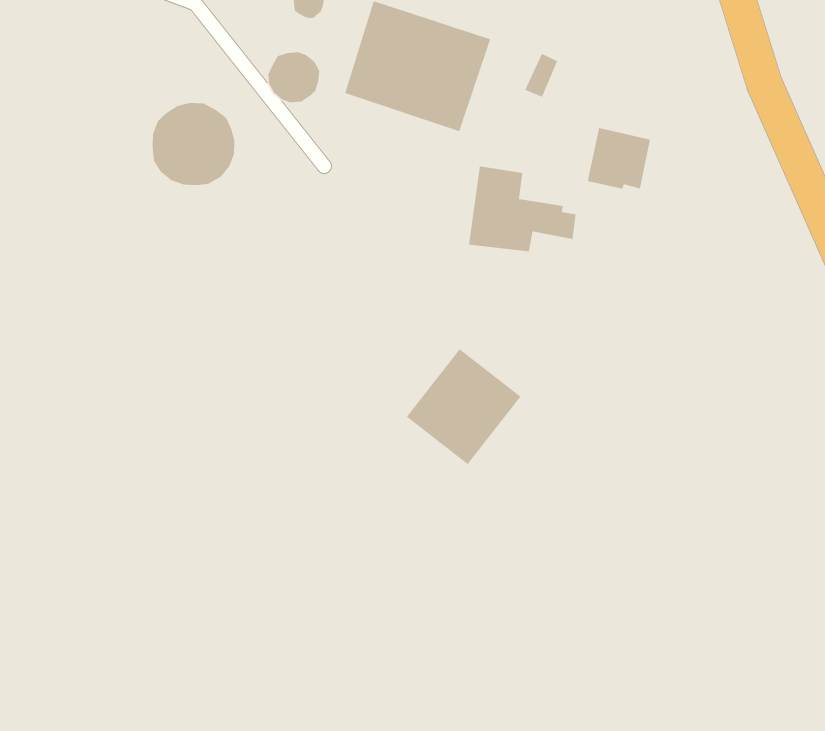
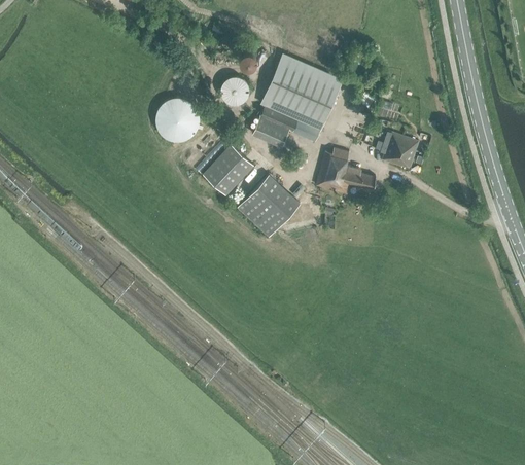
building: none -> [255,105,320,146]
building: none -> [202,142,252,193]
building: [406,348,521,465] -> [236,174,297,236]

